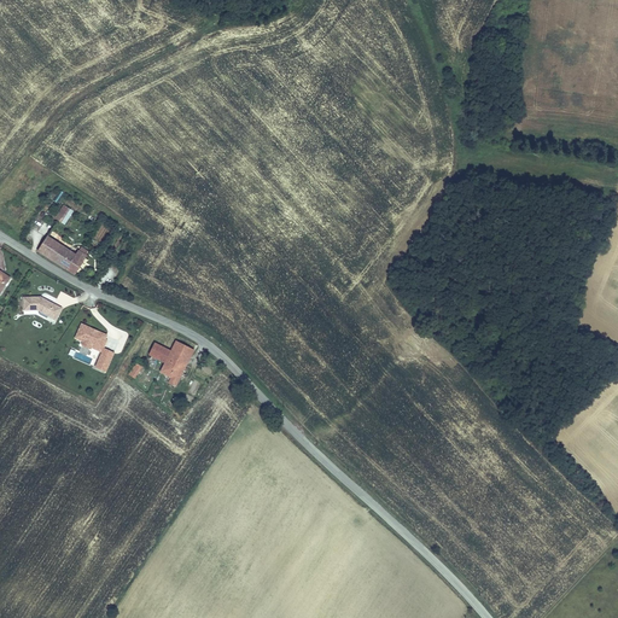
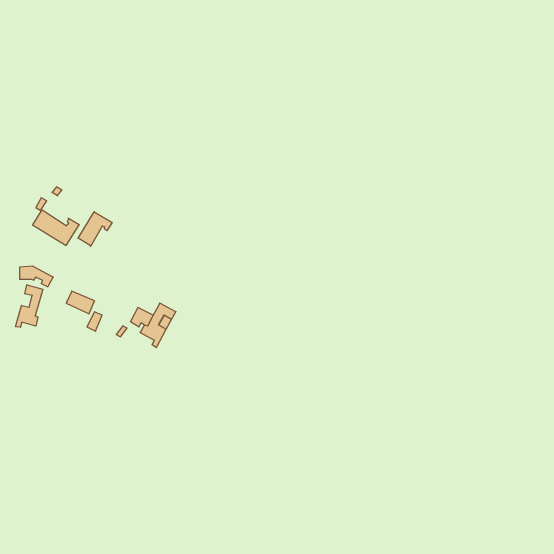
building: none -> [78,212,112,246]
building: none -> [16,285,43,327]

